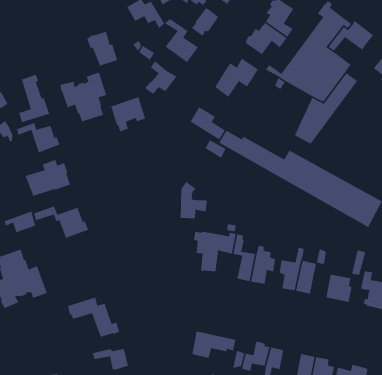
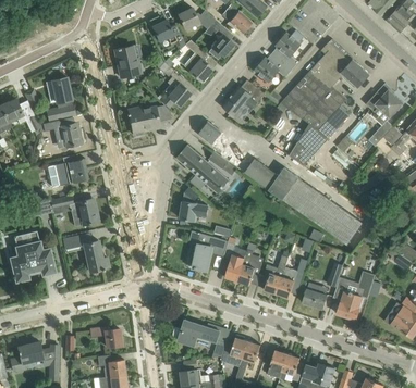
building: [60,72,107,123] -> none
building: none -> [176,145,229,192]
building: [67,297,120,338] -> [64,234,109,271]

